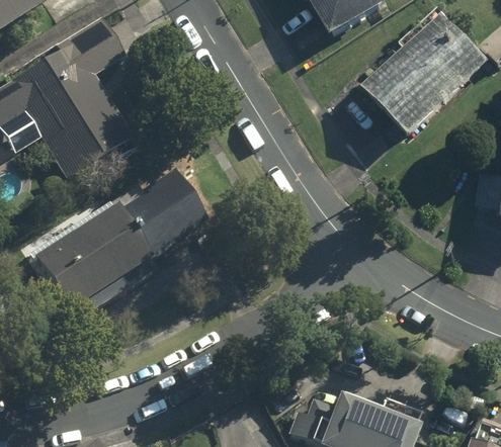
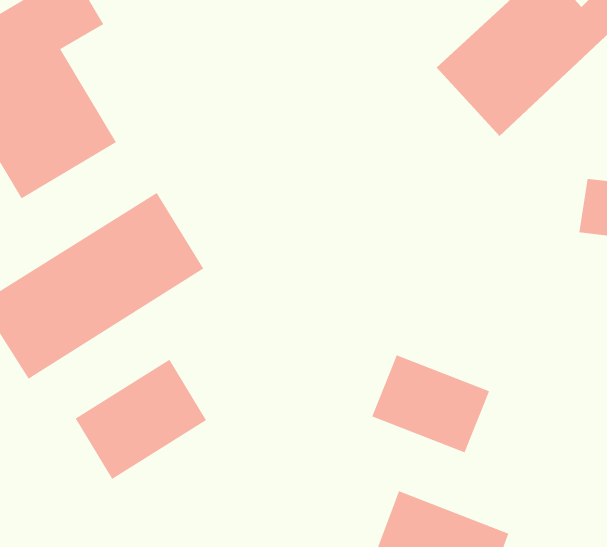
building: none -> [371,355,490,453]
building: none -> [75,359,207,480]

